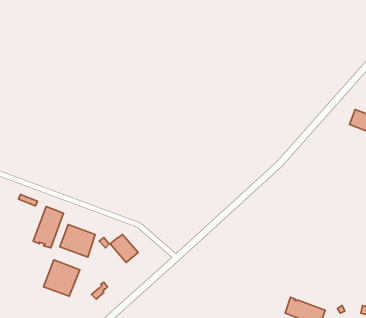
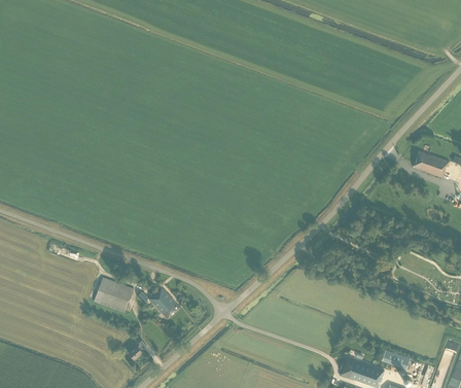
building: [33,207,64,248] -> none
building: [44,260,80,296] -> none

